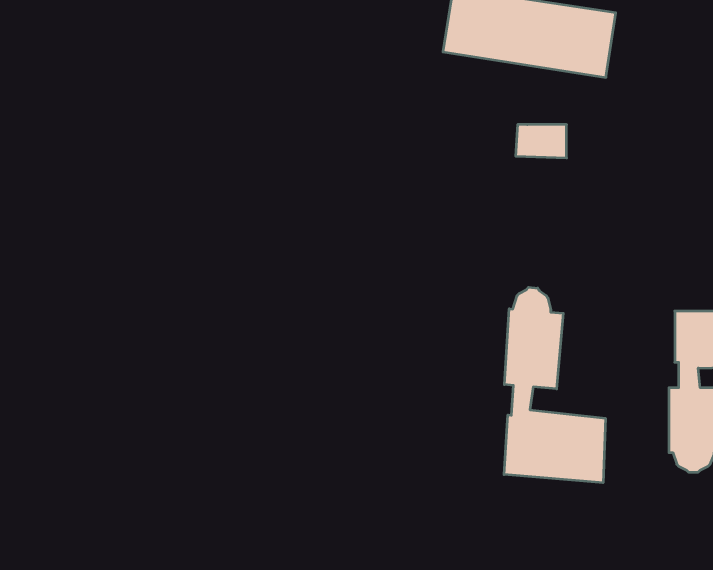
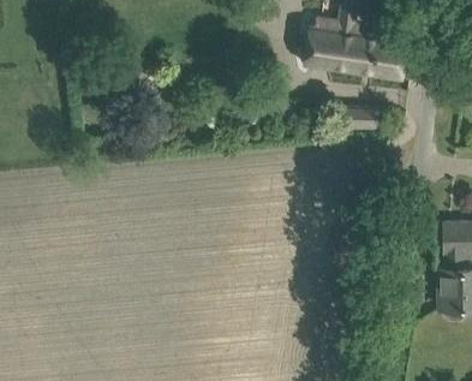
building: [504,287,605,483] -> none

